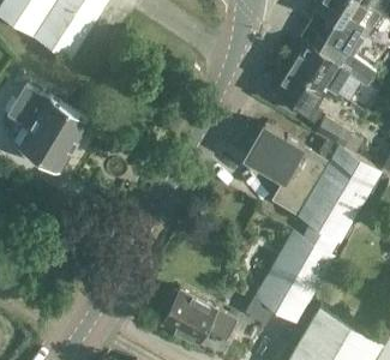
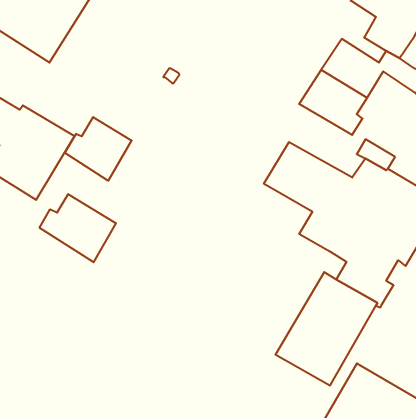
building: none -> [65,117,132,181]
building: none -> [40,194,116,262]
building: [161,290,236,344] -> none

